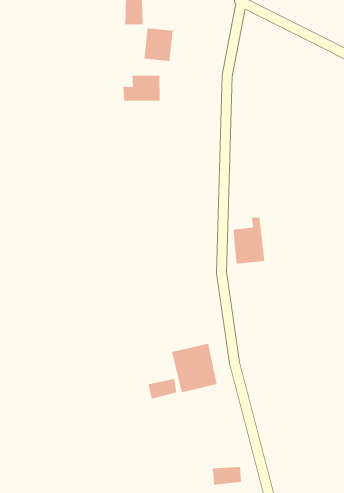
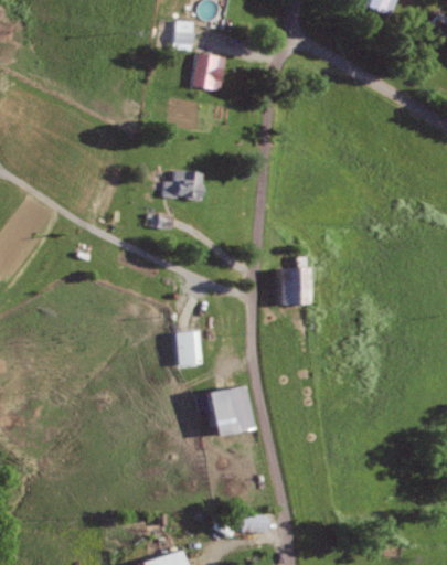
building: [123,75,161,101] -> [166,170,205,199]
building: none -> [178,330,205,365]
building: [148,378,177,399] -> none

